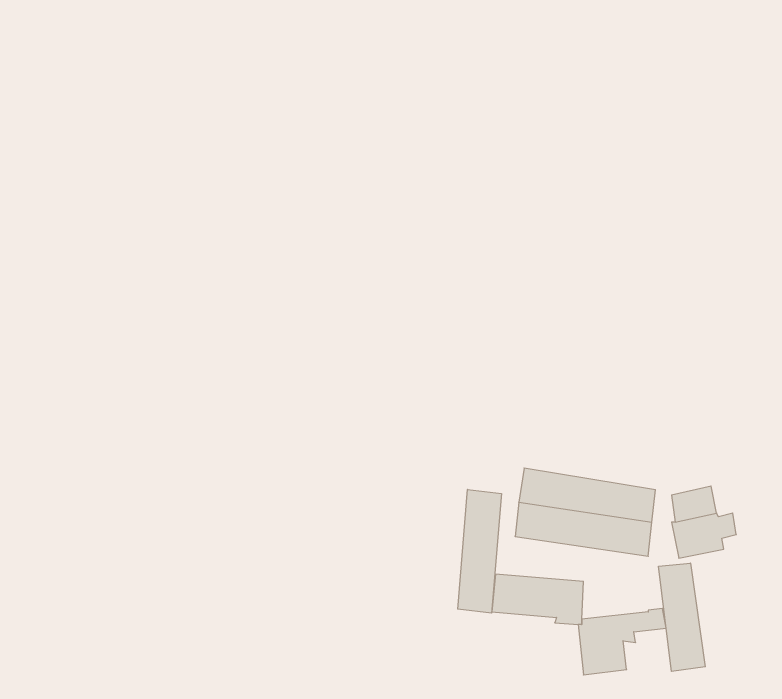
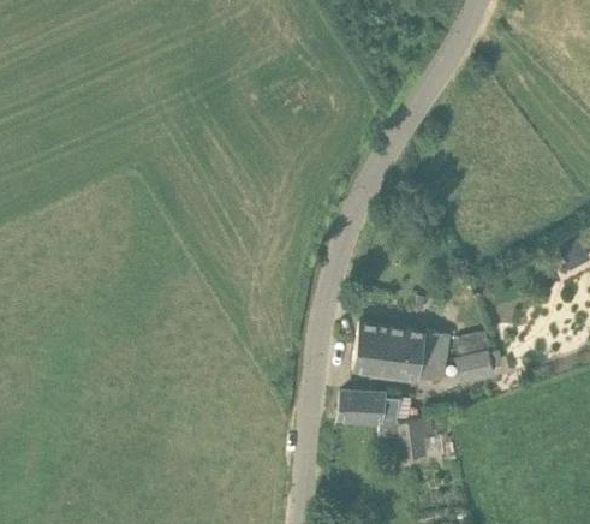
building: [458,489,501,613] -> none
building: [659,563,705,671] -> none

